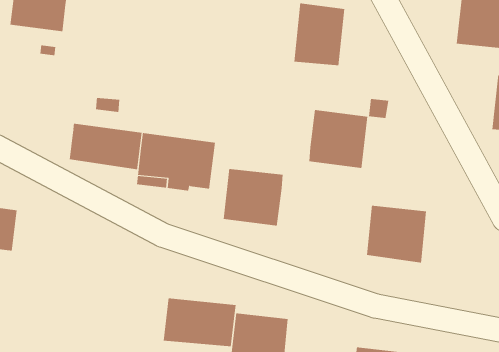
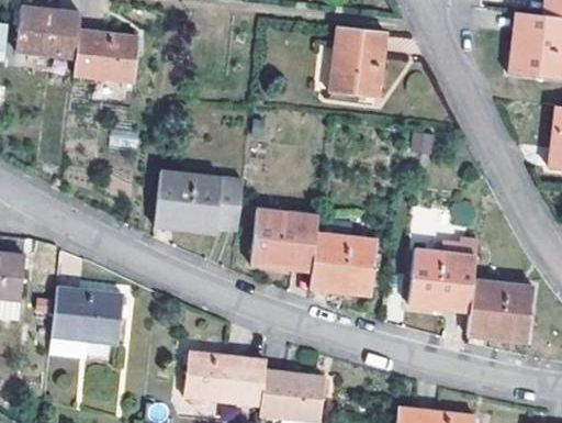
building: none -> [75,29,138,81]
building: [308,110,368,168] -> [311,231,376,296]
building: [69,123,142,170] -> none
building: none -> [468,279,535,343]
building: none -> [52,287,123,345]

